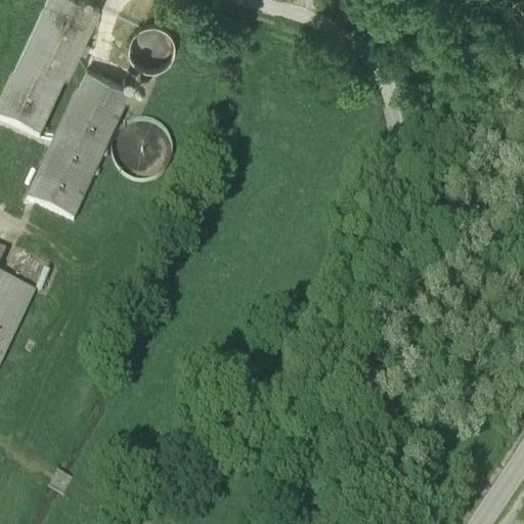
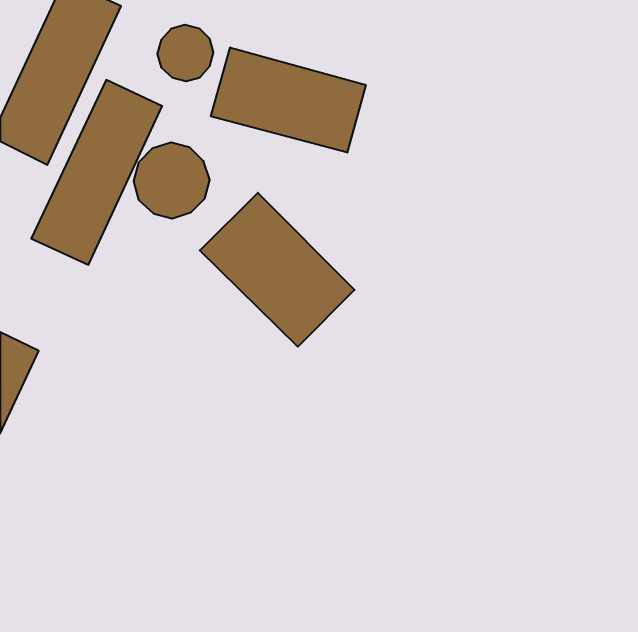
building: none -> [211,47,366,153]
building: none -> [200,193,355,347]

